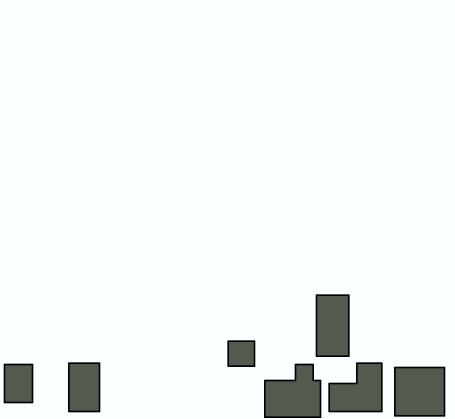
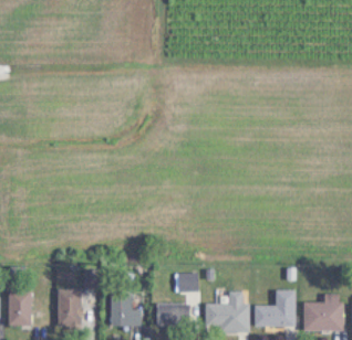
building: [317,295,349,356] -> none
building: none -> [121,296,142,320]
building: none -> [157,304,193,326]

